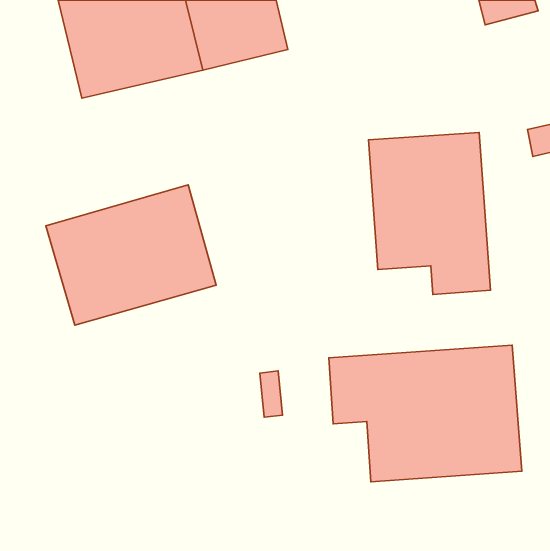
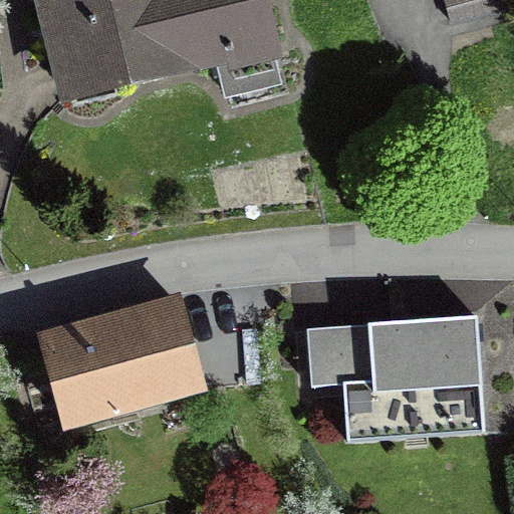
building: [369,132,491,294] -> none
building: [46,185,216,325] -> [43,291,202,422]

